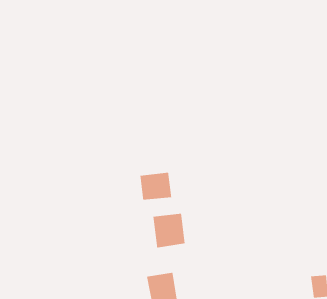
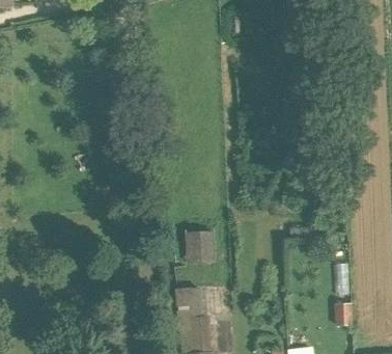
building: [140,172,172,200] -> none

